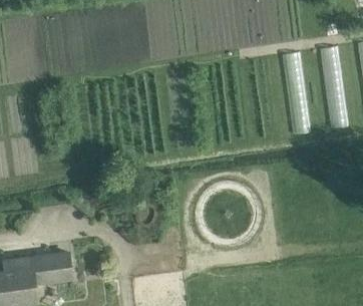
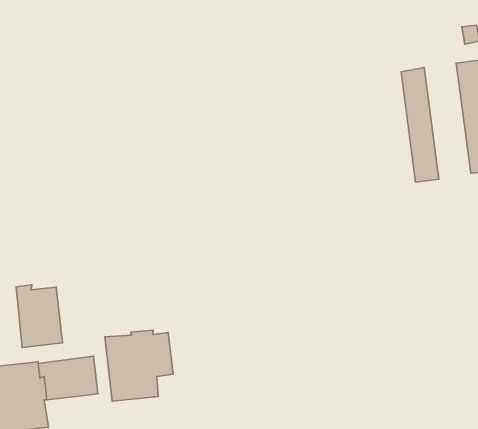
building: none -> [16,285,63,347]
building: none -> [105,330,173,401]

